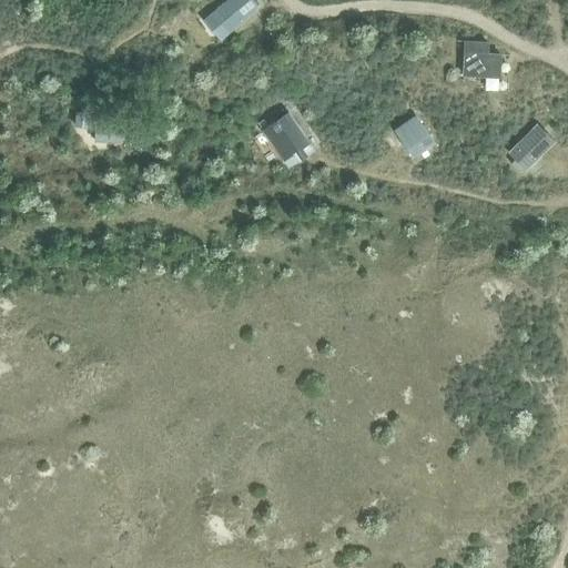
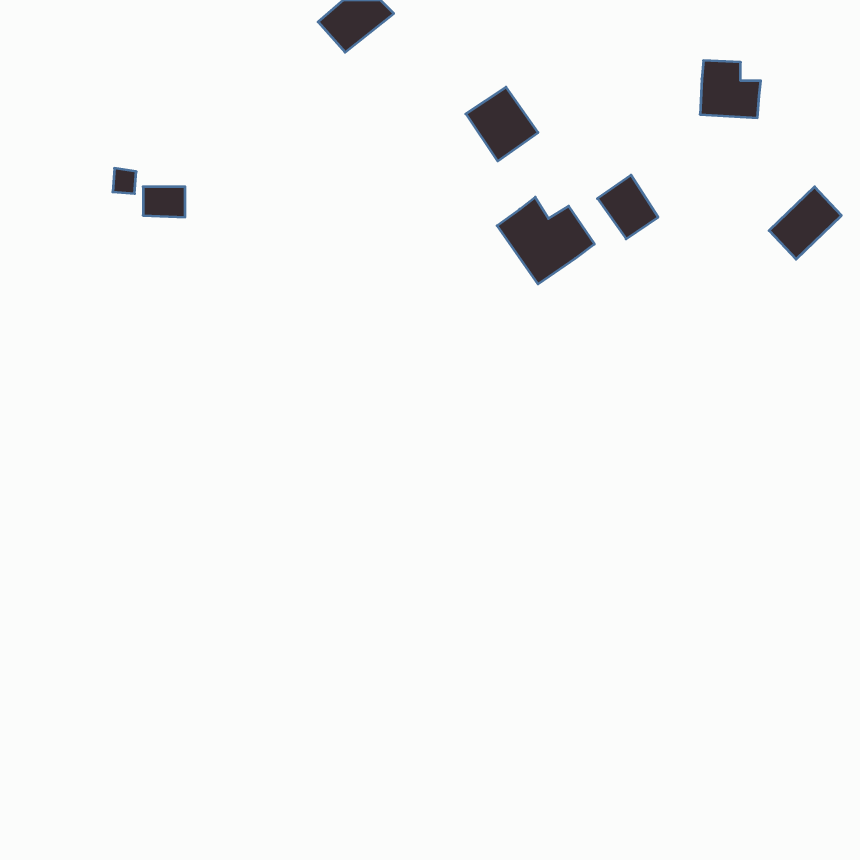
building: [262,111,310,160] -> [466,87,538,161]
building: none -> [497,197,594,284]

